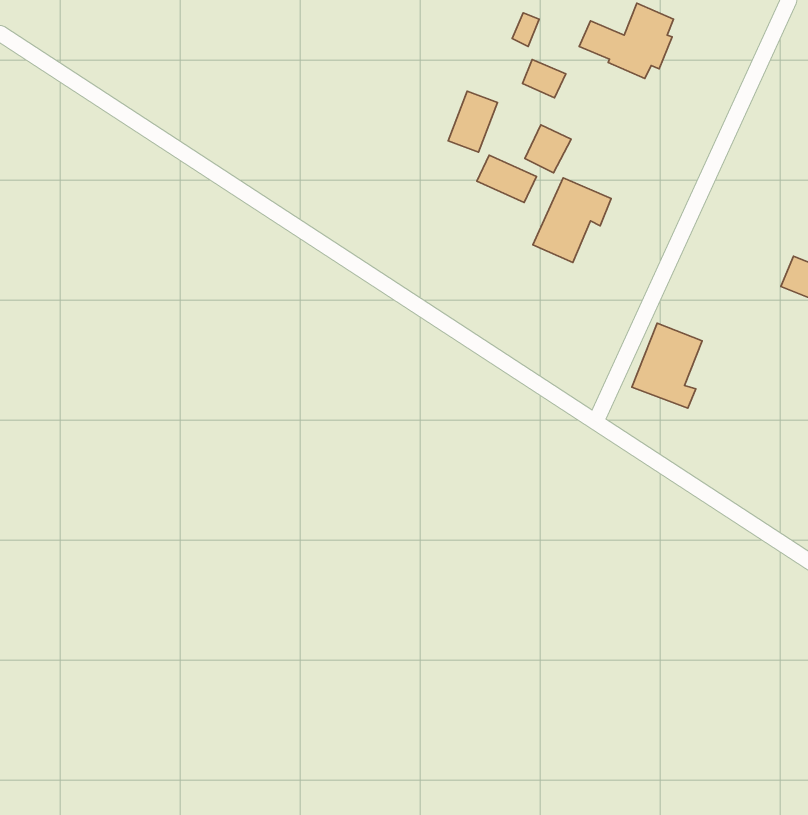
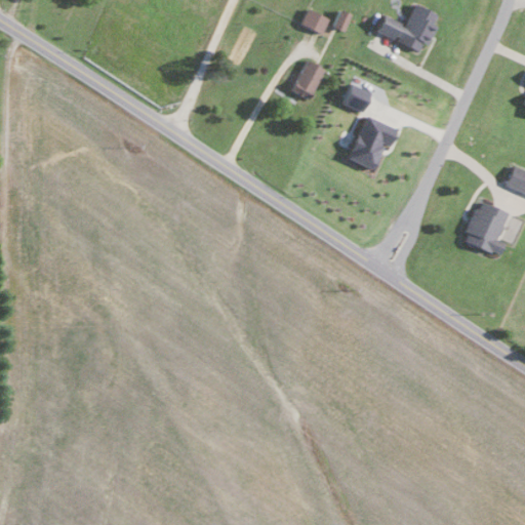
building: [523,59,566,98] -> [302,9,330,34]
building: [477,155,536,203] -> none
building: [632,323,702,408] -> [463,201,509,255]

